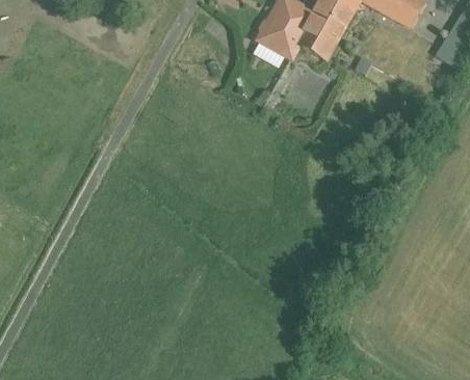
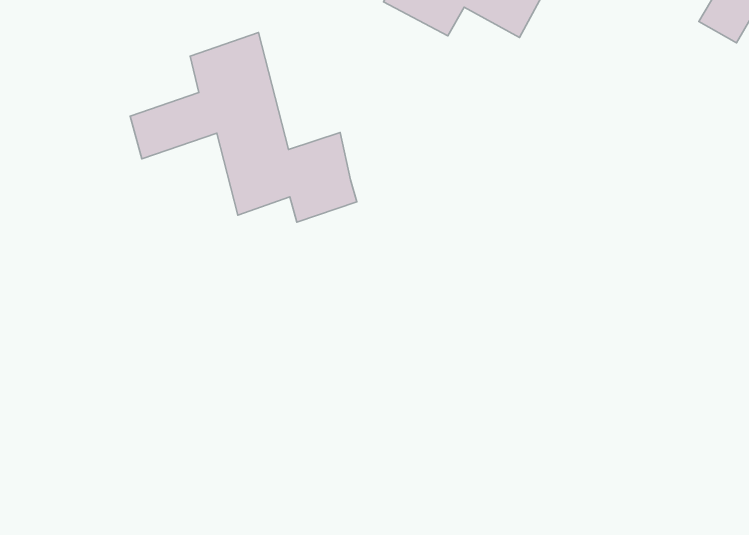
building: none -> [130,33,357,222]

